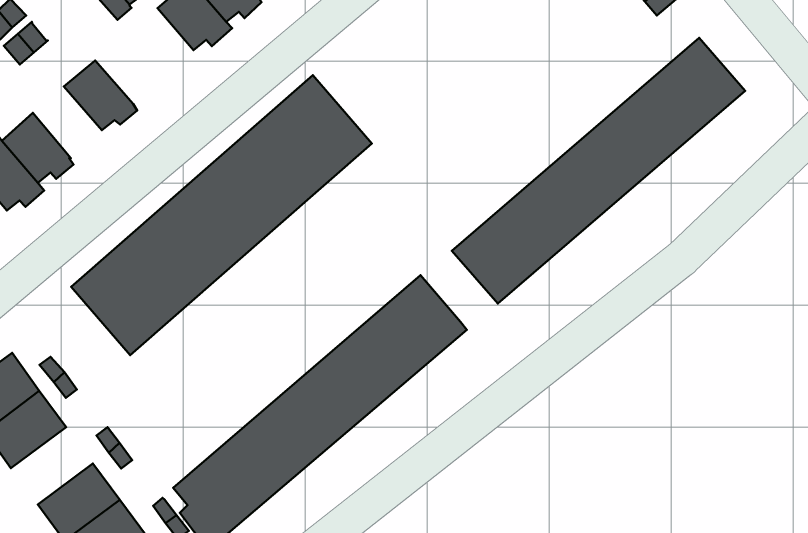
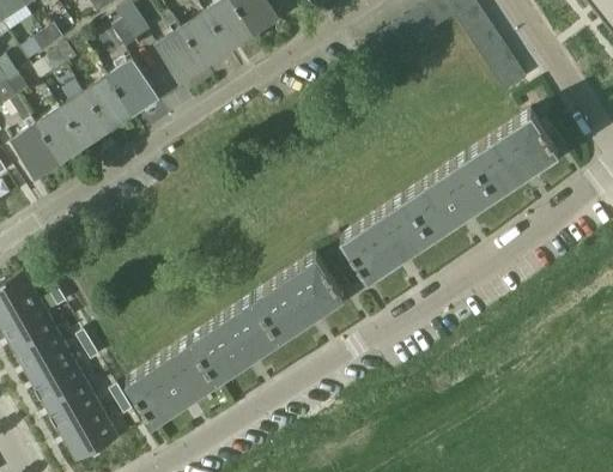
building: none -> [110,60,159,110]
building: [71,75,372,355] -> none
building: none -> [62,92,111,143]
building: none -> [17,329,74,381]

